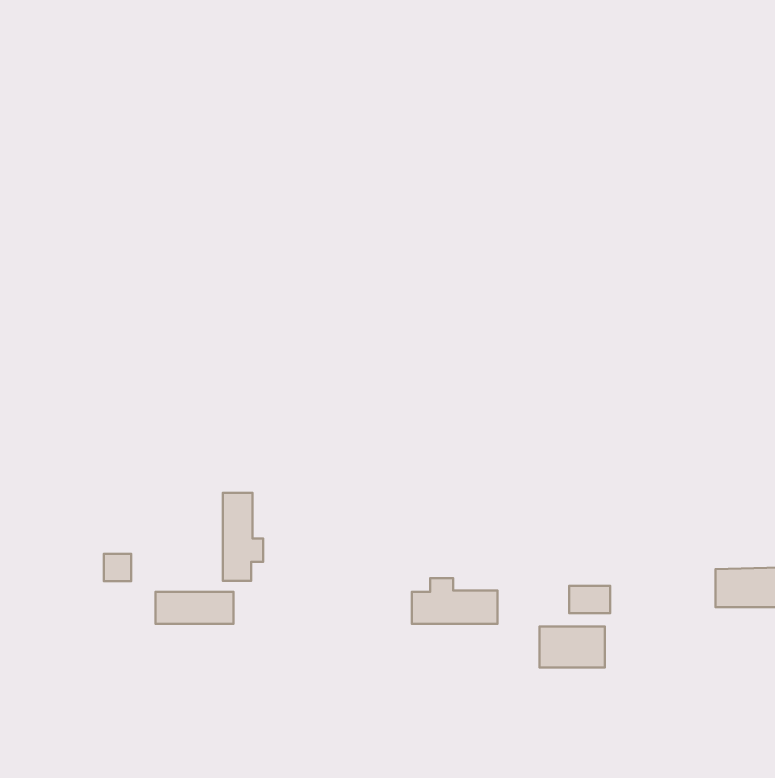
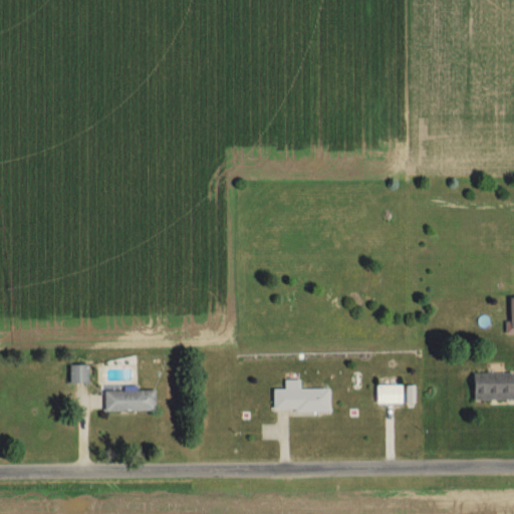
building: [223,493,263,581] -> none
building: [540,627,605,667] -> none

